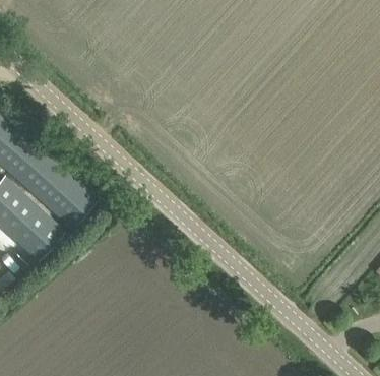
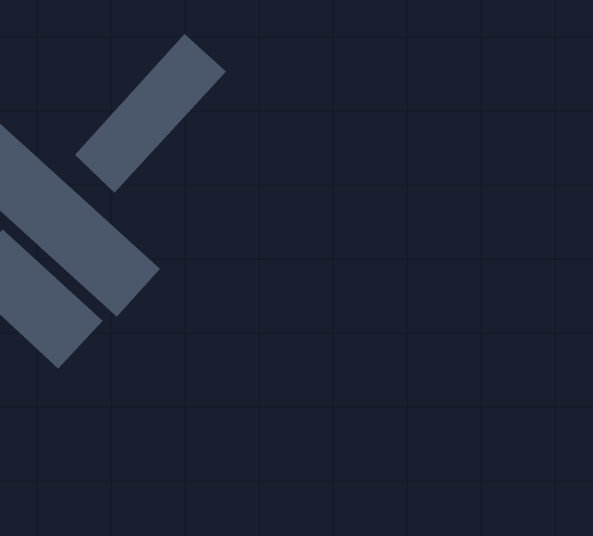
building: none -> [74,33,227,194]

